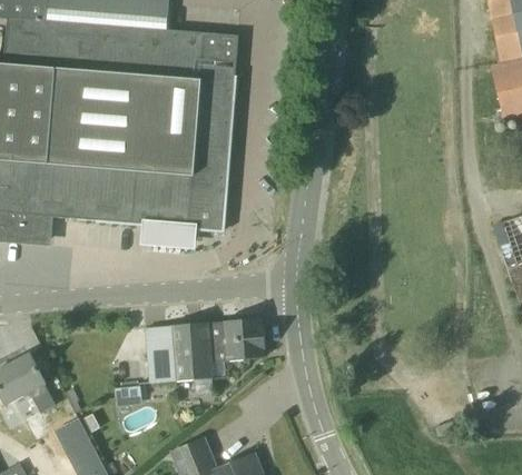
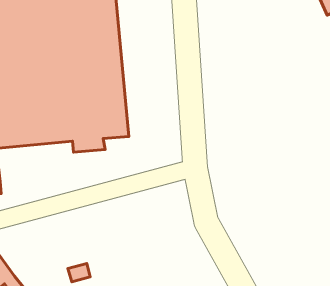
building: [145,317,265,383] -> none

